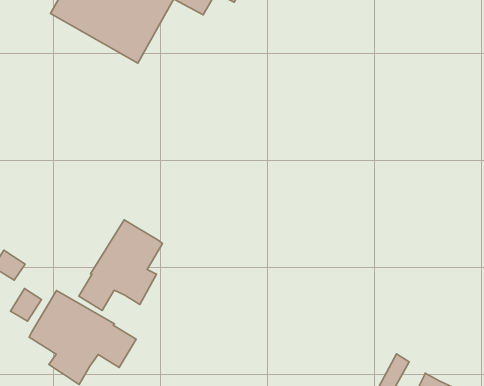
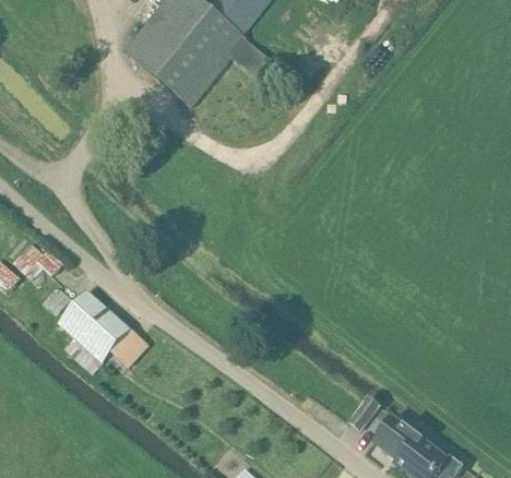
building: [79,220,162,310] -> none

